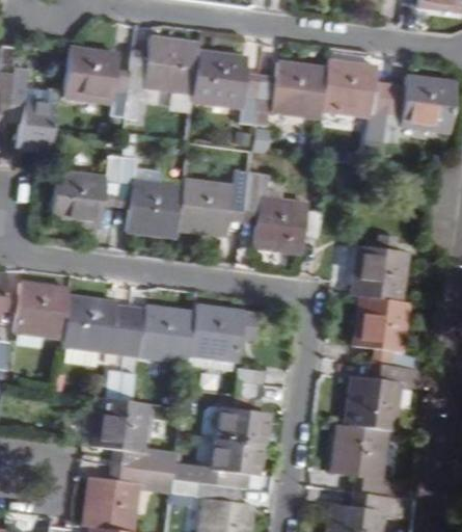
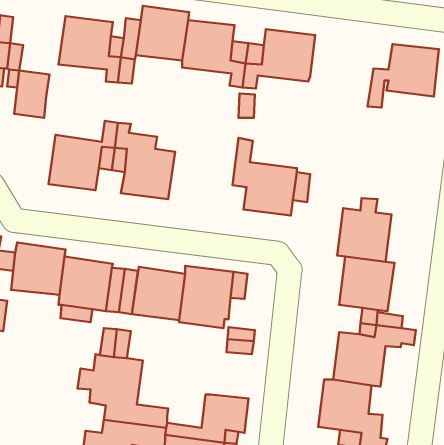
building: [322,60,387,163] -> none
building: [176,171,248,235] -> none
building: [219,407,268,443] -> none

